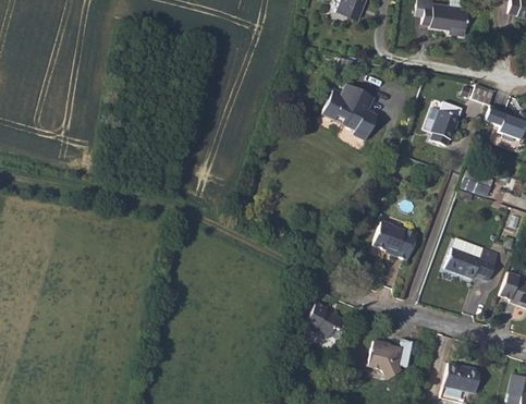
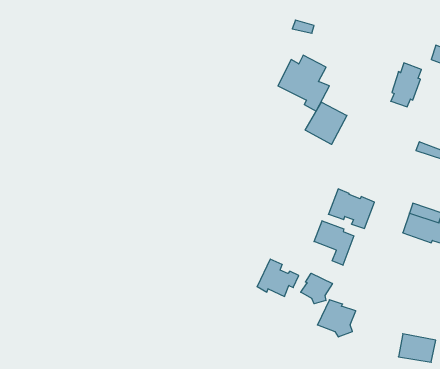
building: none -> [305,102,347,144]
building: none -> [314,221,354,265]
building: none -> [301,273,332,304]

